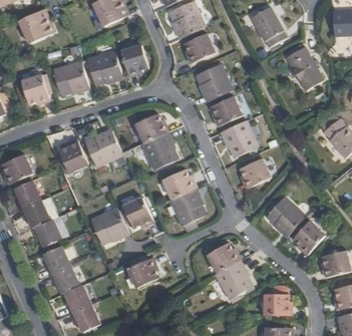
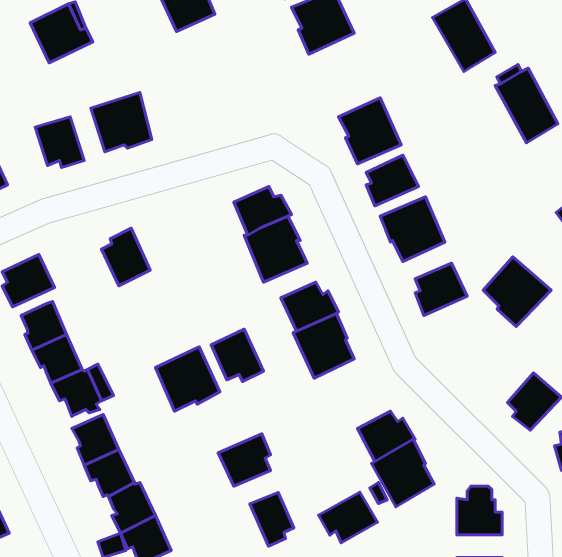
building: [182,32,215,61] -> none
building: [120,45,147,76] -> none
building: [86,51,122,84] -> none
building: [84,128,122,165] -> none
building: [266,197,305,237] -> [483,257,551,327]
building: none -> [318,492,378,543]
building: none -> [250,492,294,546]

